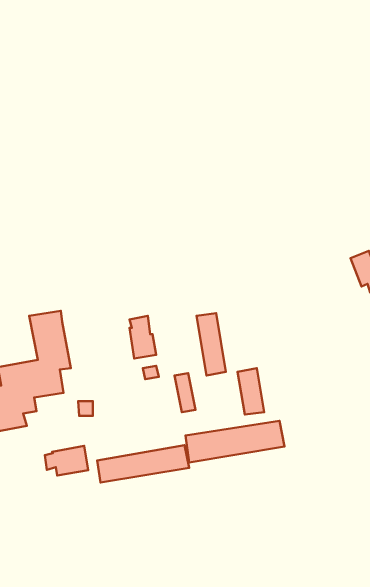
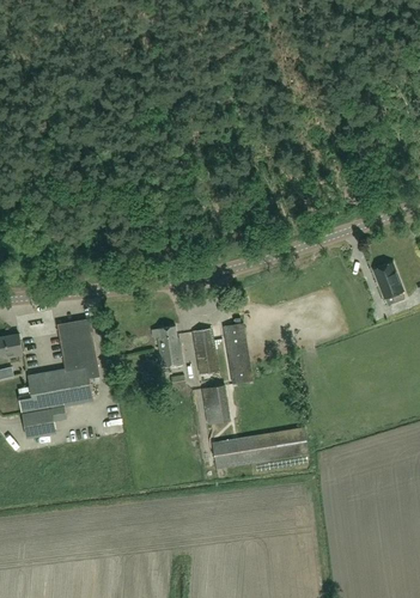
building: [237,368,264,415] -> [191,328,218,373]
building: [97,445,189,483] -> none
building: [45,446,88,475] -> none

